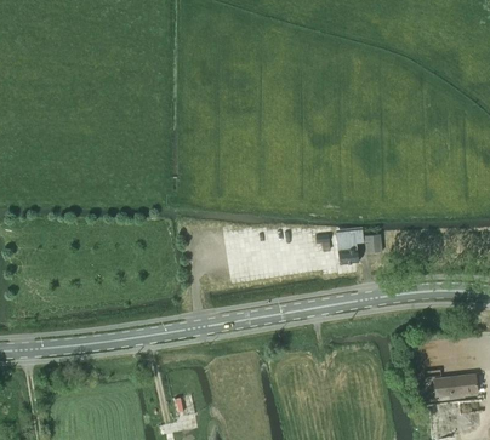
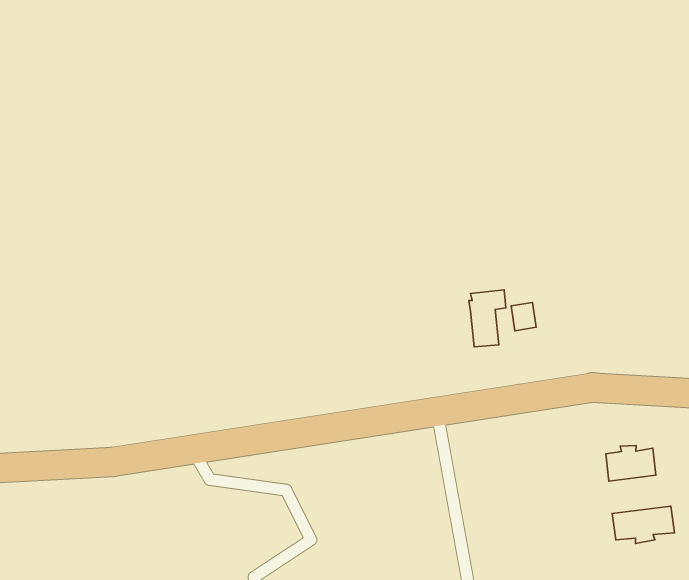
building: none -> [606,445,656,481]

